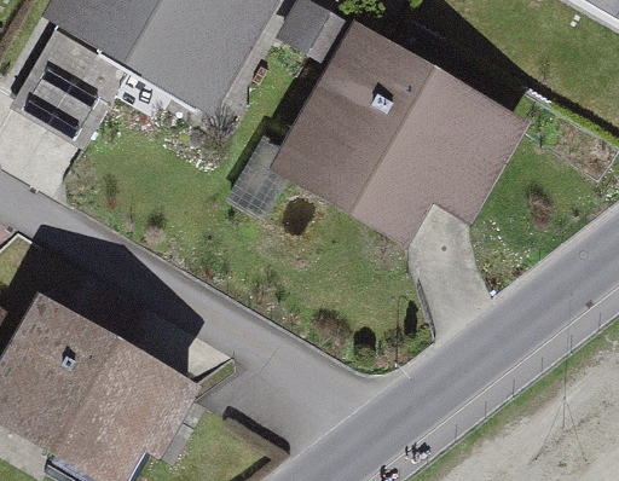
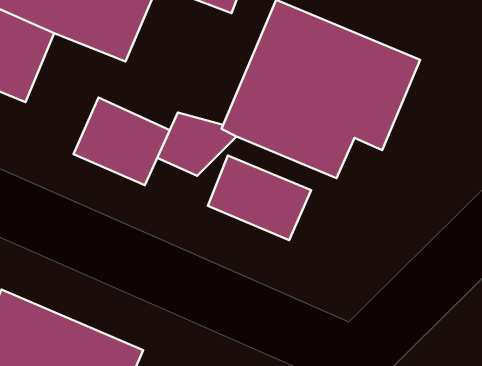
building: none -> [74,98,170,185]
building: none -> [208,155,311,240]

